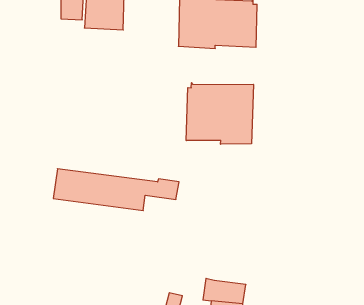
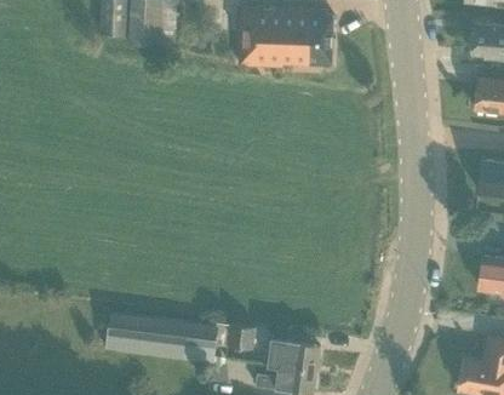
building: [186,83,253,144] -> none
building: [53,169,179,211] -> [103,311,252,361]

